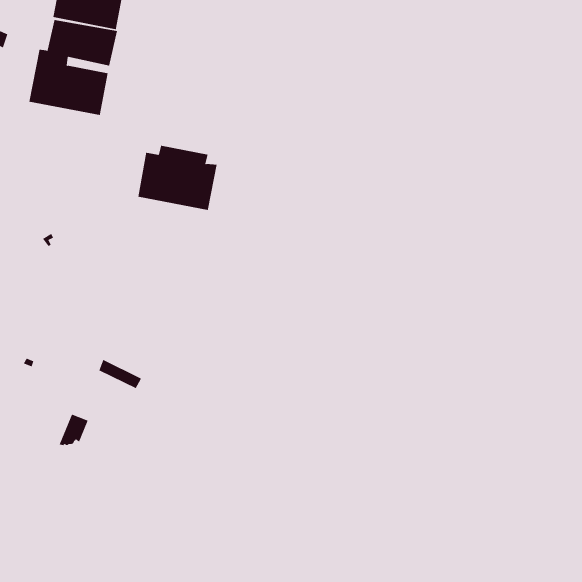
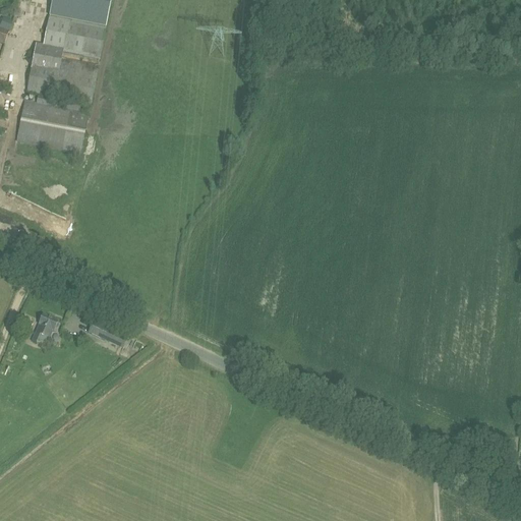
building: [138,145,218,210] -> [16,95,88,153]
building: [59,414,89,446] -> [31,313,57,342]

